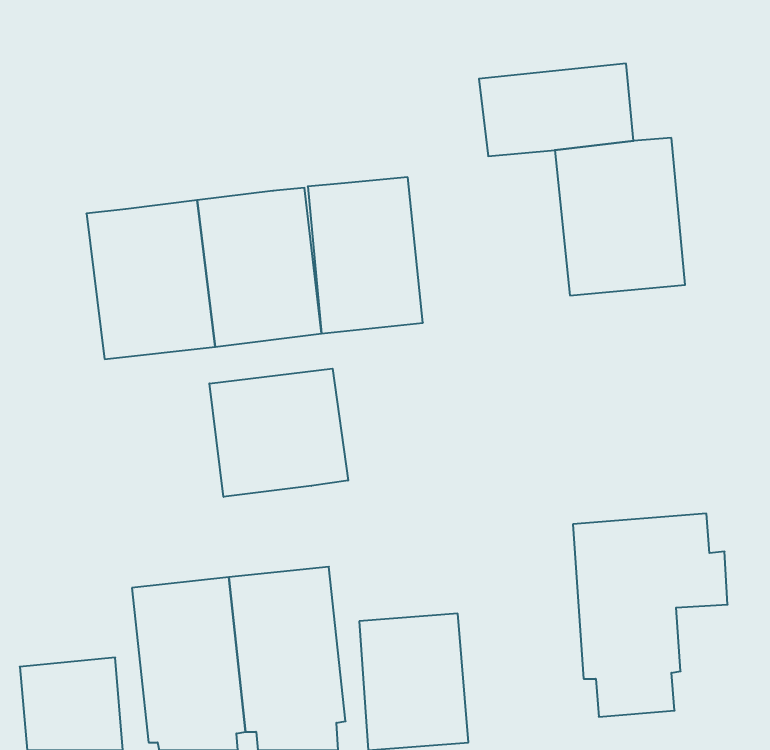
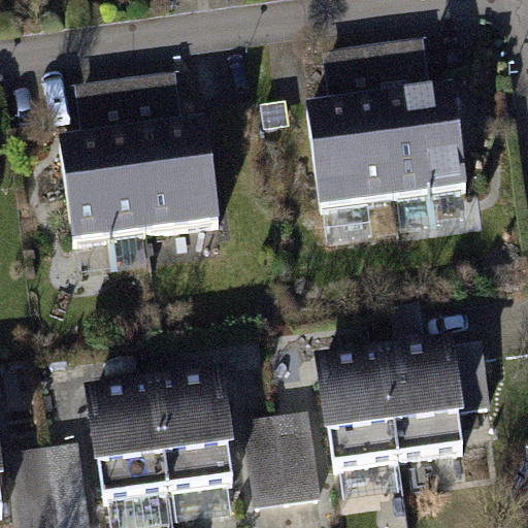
building: none -> [80,80,186,142]
building: [308,177,423,333] -> [309,102,388,208]
building: [209,369,348,497] -> none
building: none -> [322,357,397,497]

